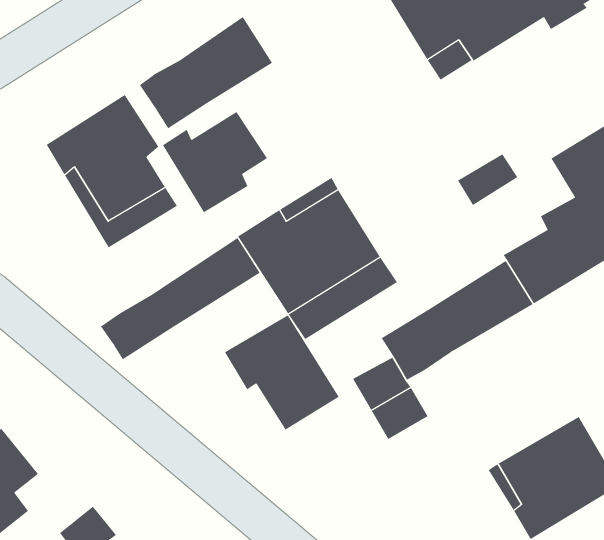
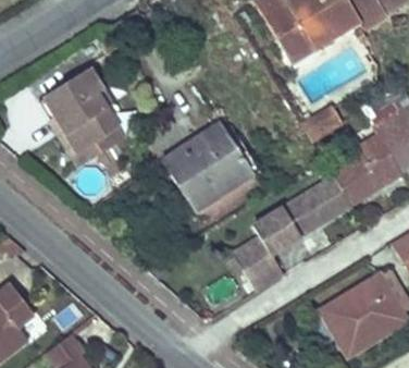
building: [139,16,273,129] -> none
building: [162,111,268,213] -> none
building: [100,237,260,360] -> none
building: [224,314,339,431] -> none

